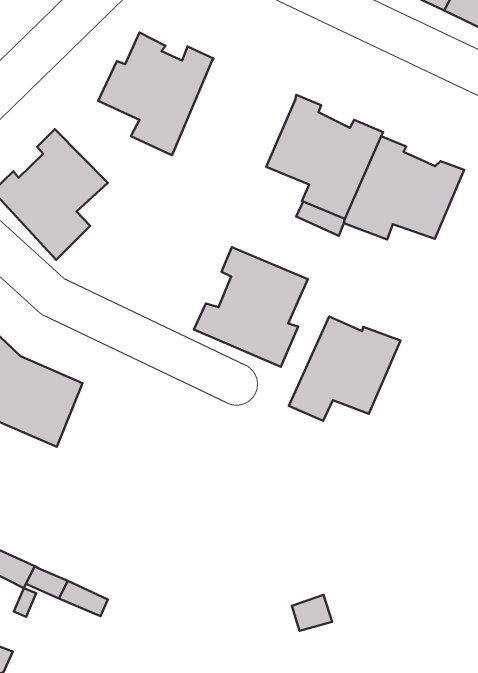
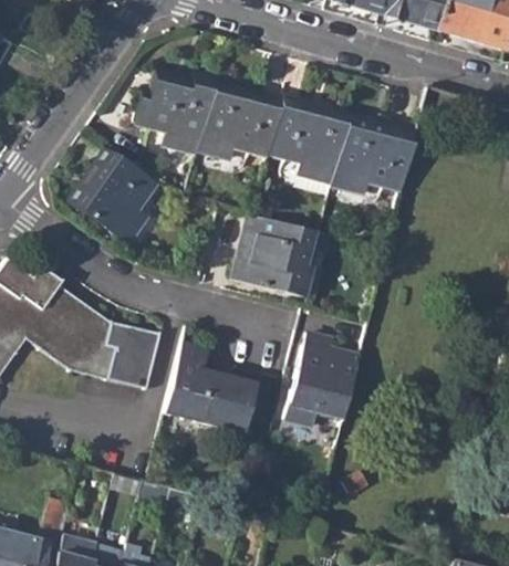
building: none -> [197,80,281,159]
building: [289,316,401,421] -> [285,347,361,426]
building: none -> [164,343,257,436]

